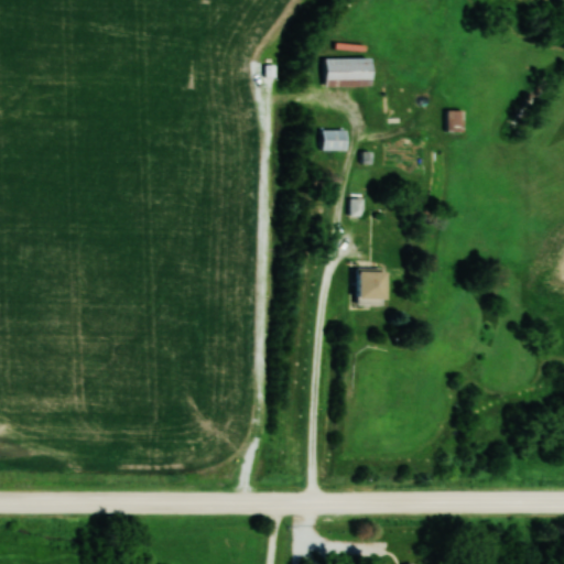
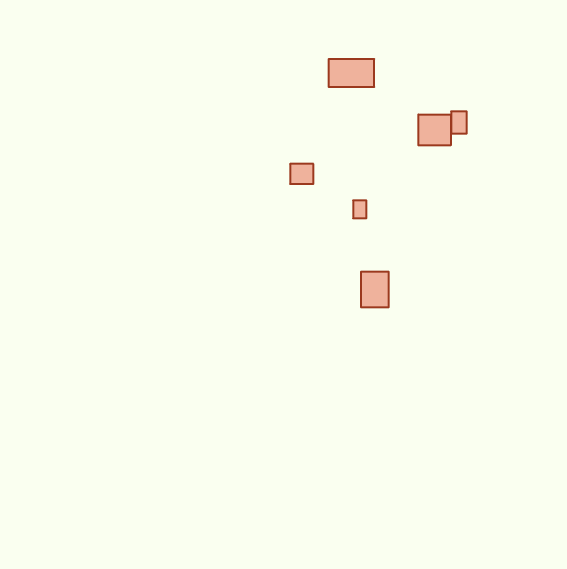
building: none -> [418,114,451,145]
building: [323,130,346,150] -> [290,164,313,184]

